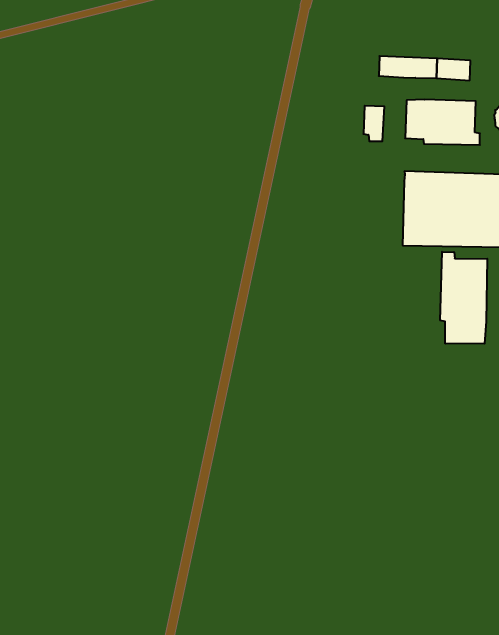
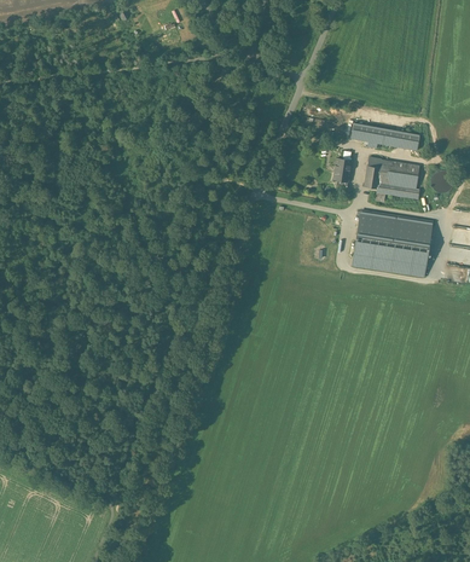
building: [440,252,487,344] -> none

